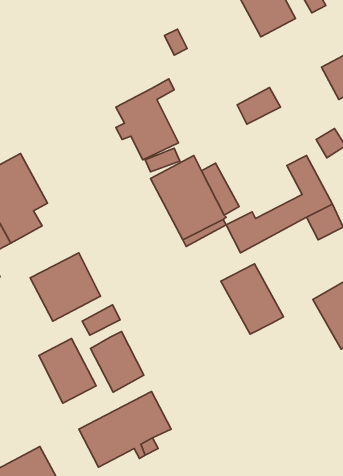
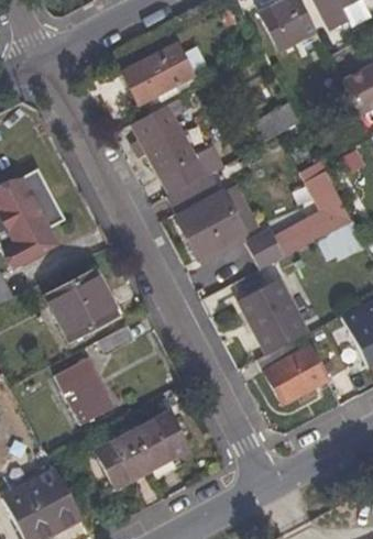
building: none -> [122,44,199,103]
building: none -> [260,334,349,402]
building: [90,331,144,392] -> none

